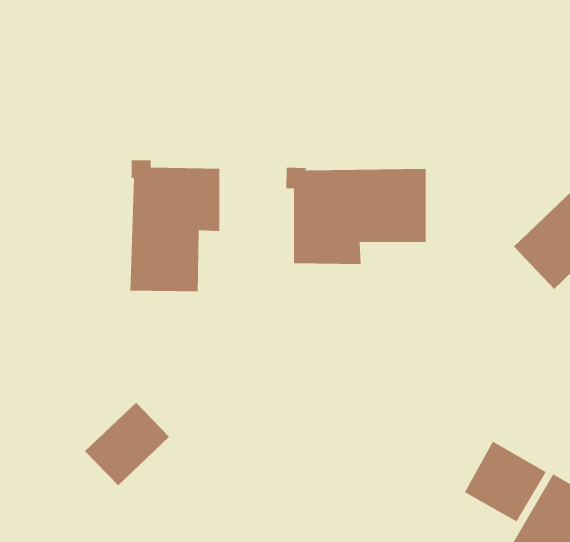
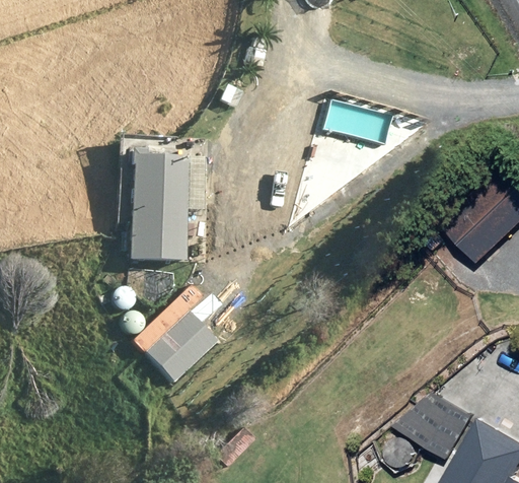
building: [285,167,427,265] -> none
building: [84,402,170,486] -> [139,314,211,385]

